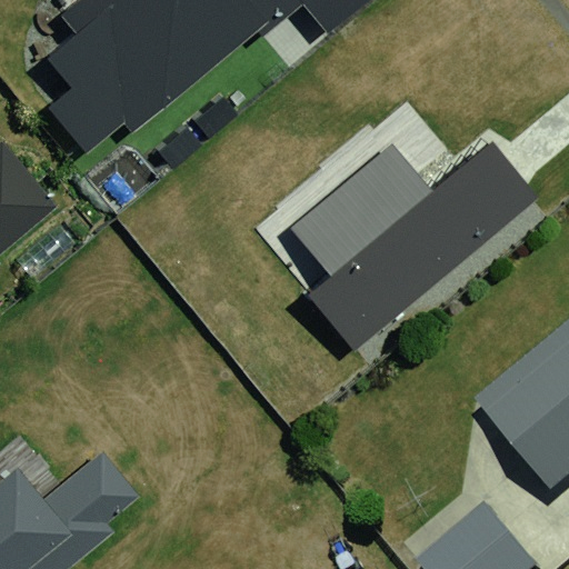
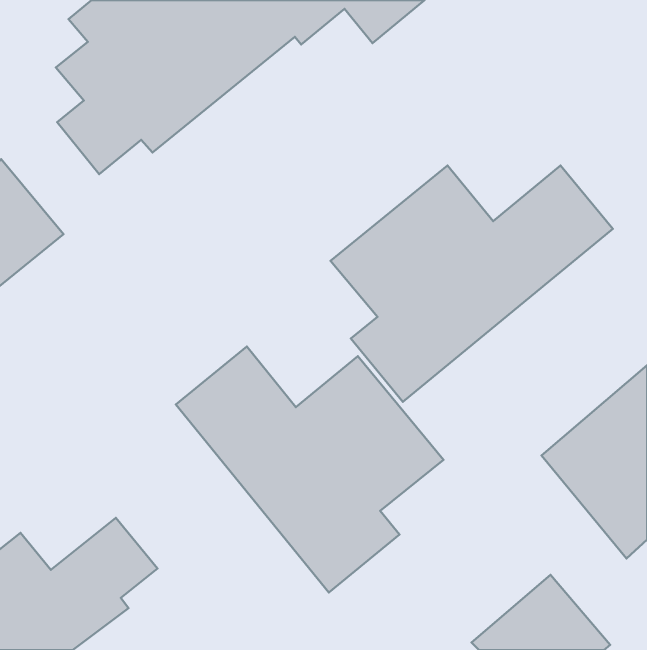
building: none -> [176,346,444,592]

